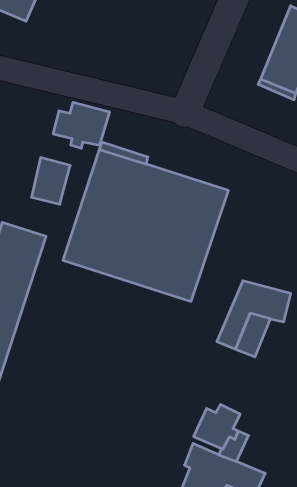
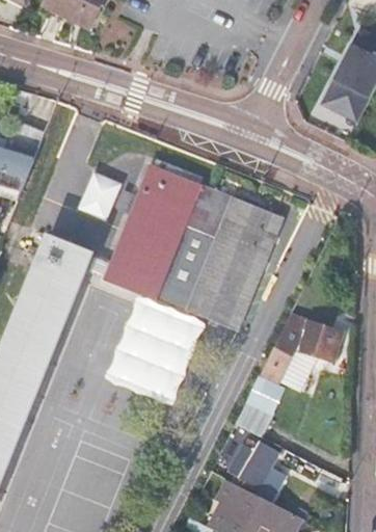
building: [53,102,109,148] -> none
building: none -> [105,294,199,400]
building: none -> [236,379,272,435]

